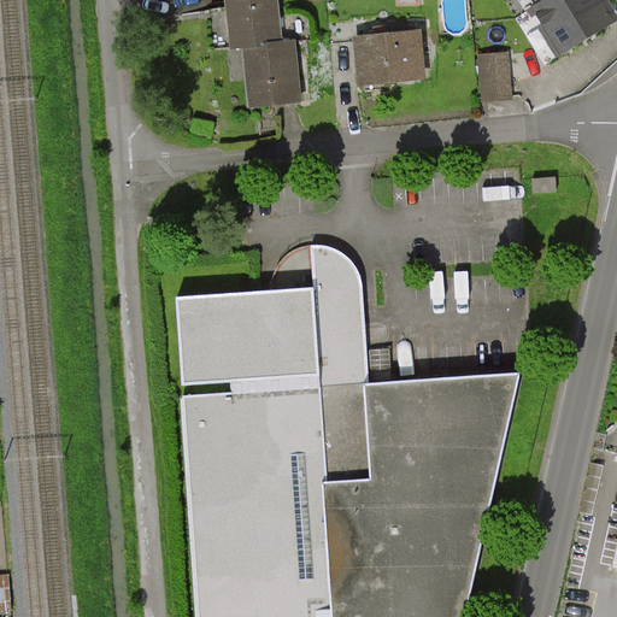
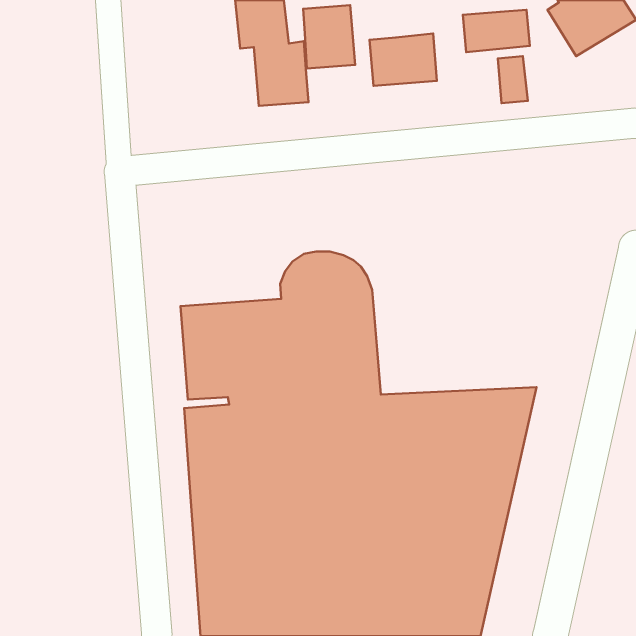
building: none -> [303,5,355,69]
building: none -> [463,10,530,52]

